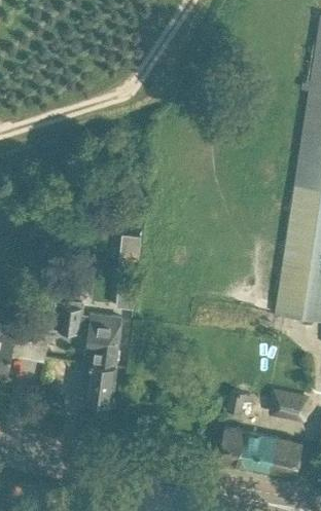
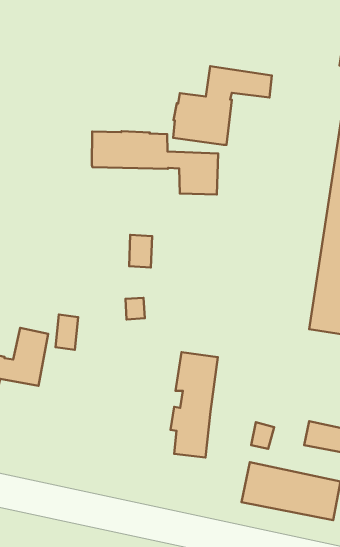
building: none -> [173,66,272,145]
building: none -> [92,131,218,194]
building: [82,316,122,405] -> [171,352,218,458]

